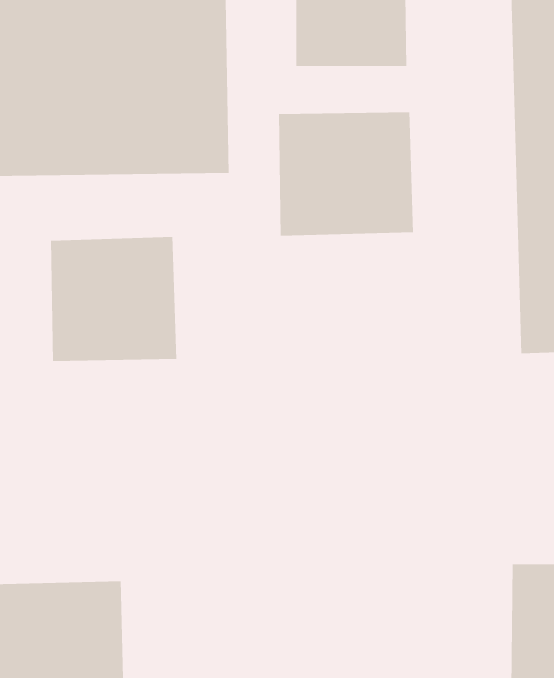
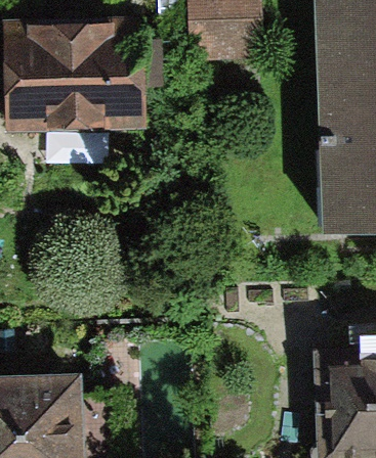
building: [278,112,414,236] -> none
building: [50,236,177,362] -> none

